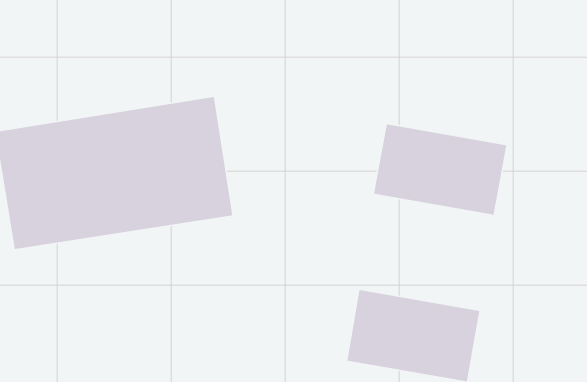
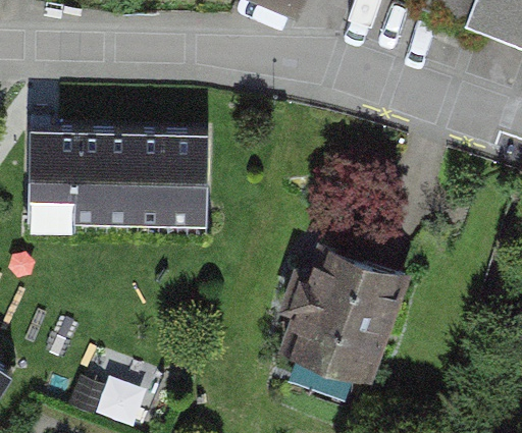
building: [373,124,507,215] -> [297,249,409,335]

